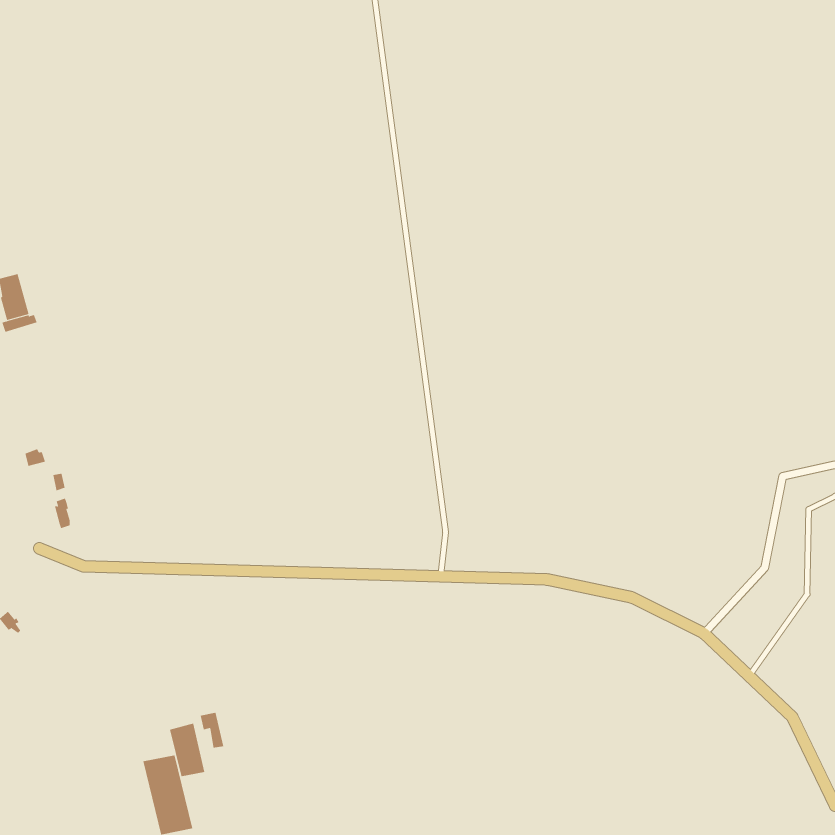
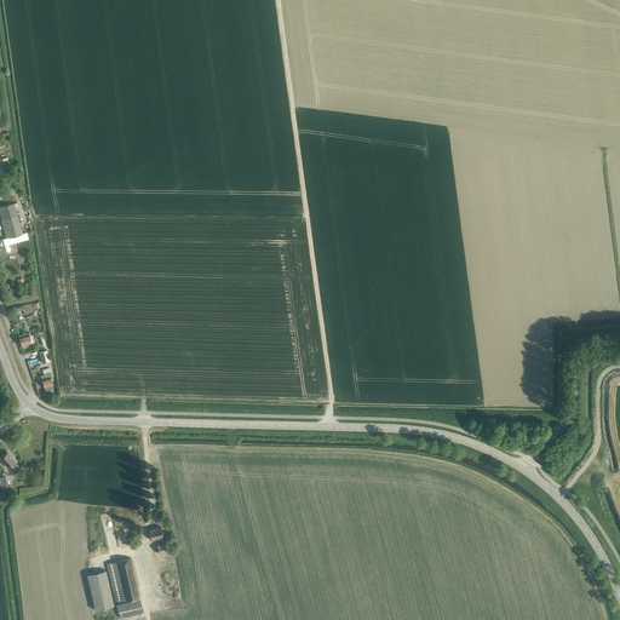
building: [169,723,205,777] -> [86,570,113,610]

